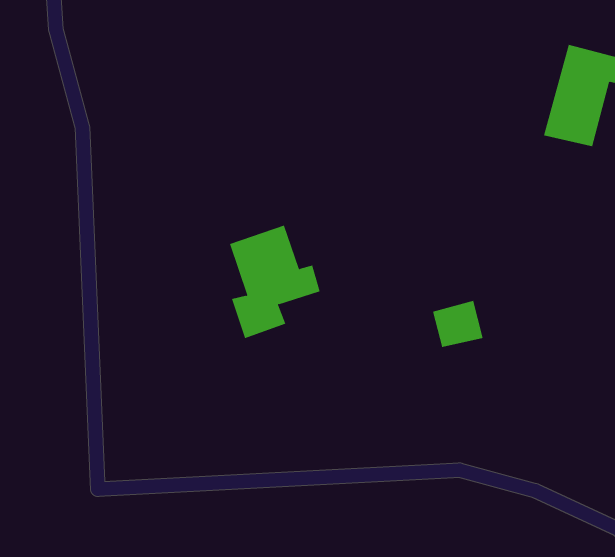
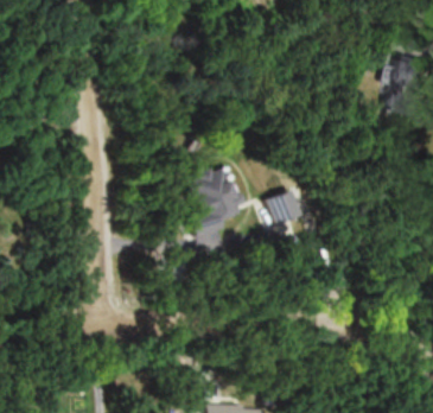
building: [432,300,483,348] -> [268,191,300,221]

